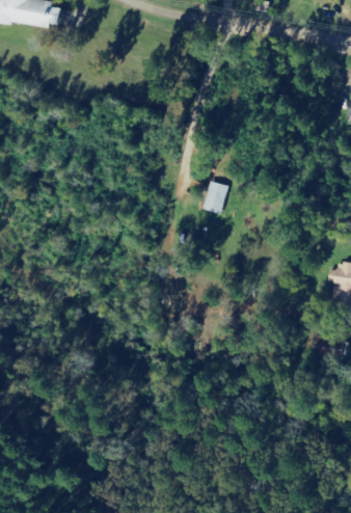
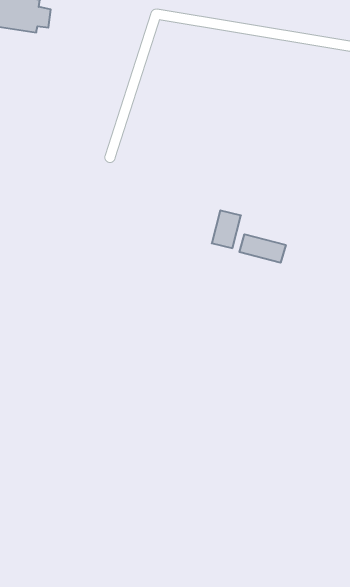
building: none -> [239,234,286,263]

